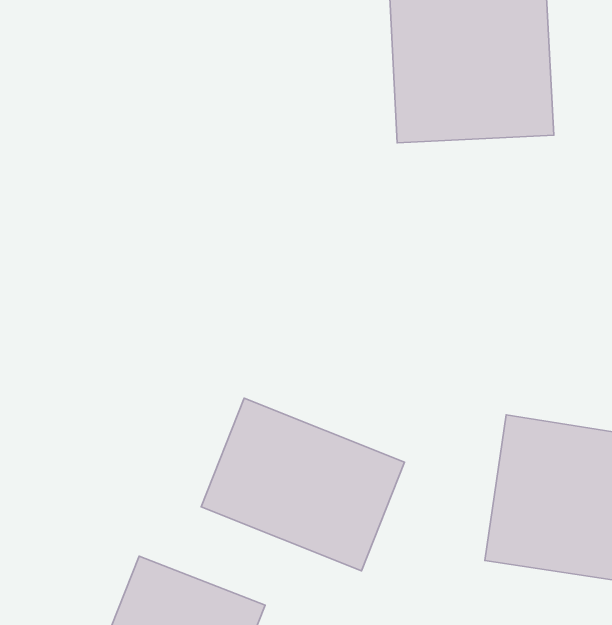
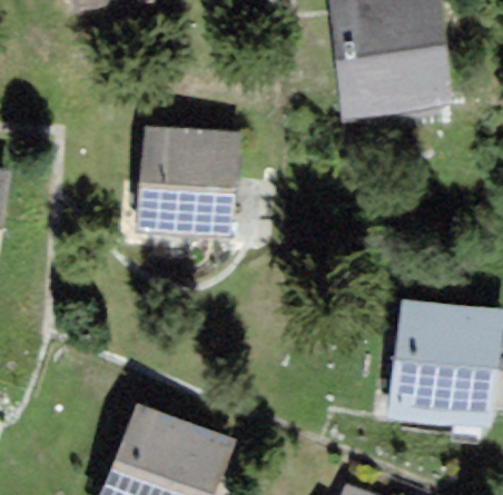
building: none -> [135,131,243,234]
building: [201,398,404,571] -> none

